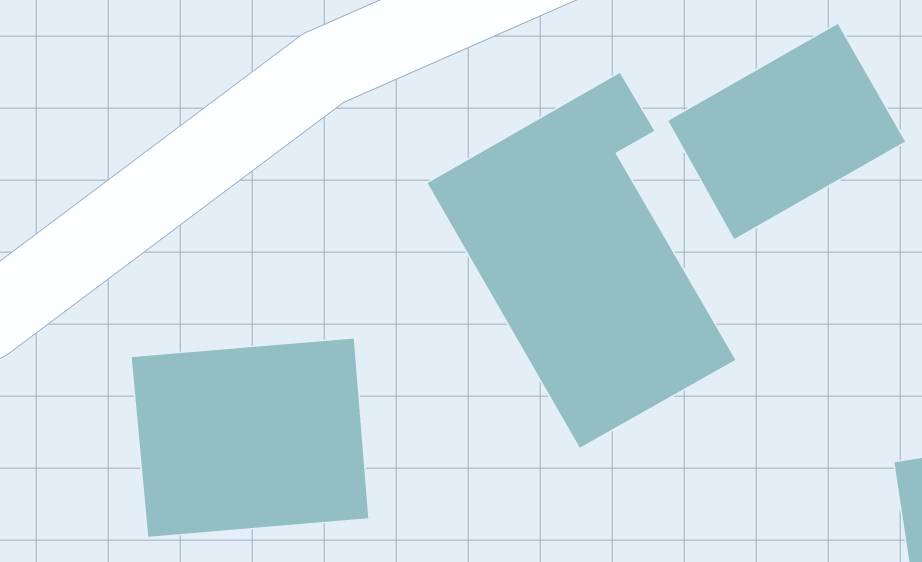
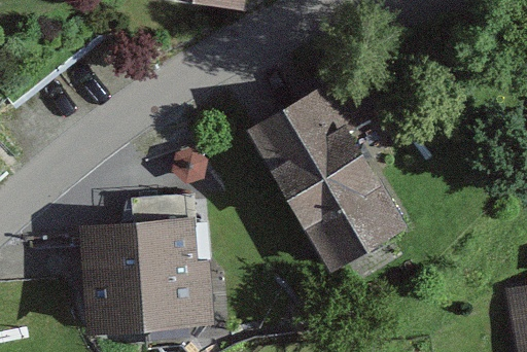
building: [667,23,906,240] -> none

